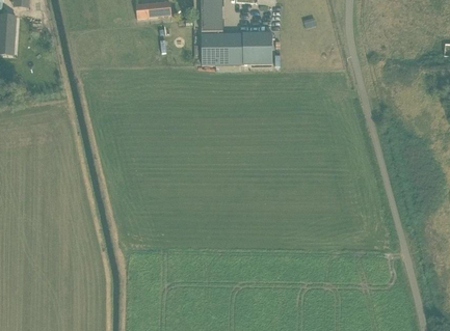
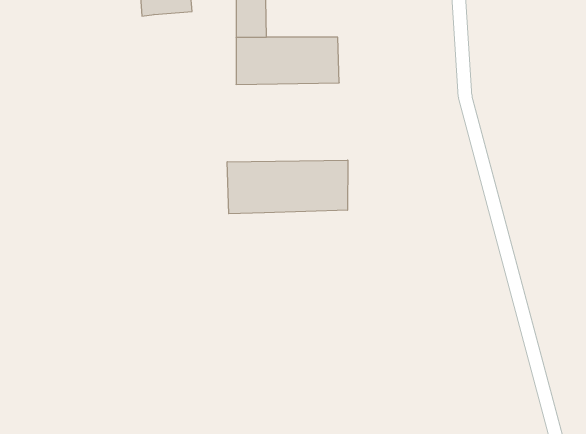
building: none -> [227,160,348,214]

